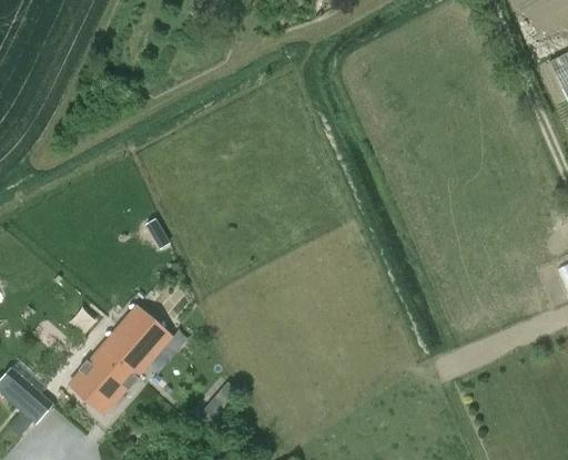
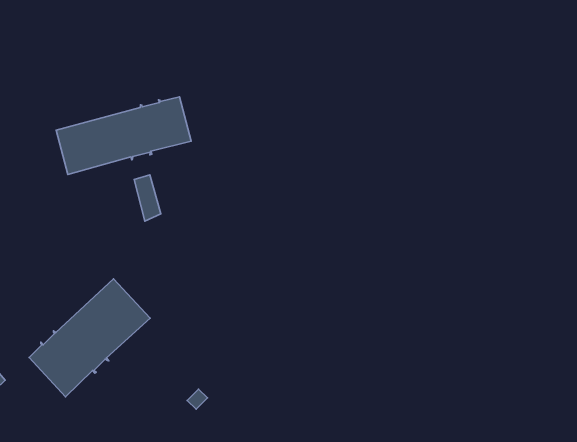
building: none -> [56,97,191,174]

